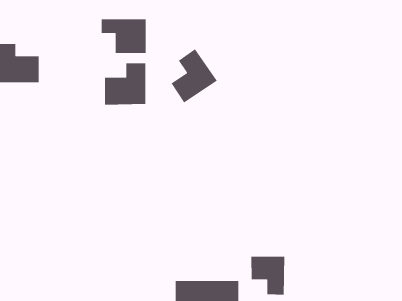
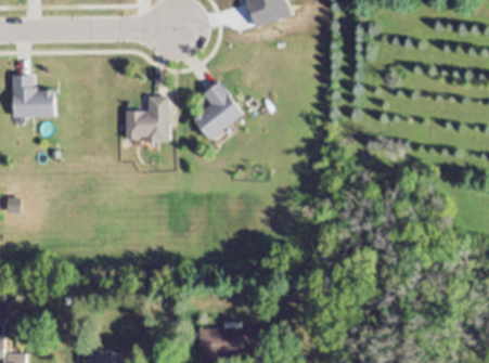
building: [101,18,147,54] -> none
building: [251,256,285,296] -> none

